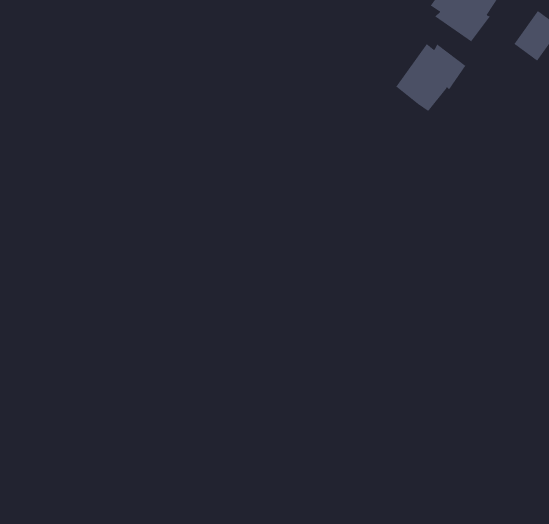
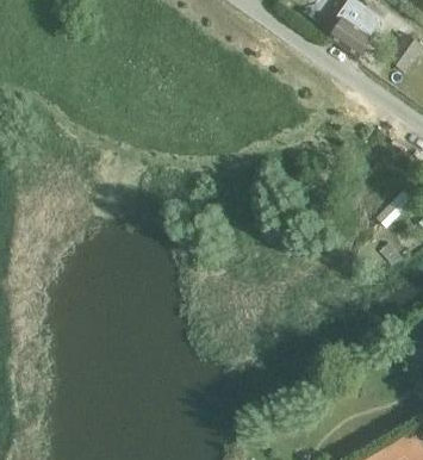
building: [395,43,466,112] -> none

